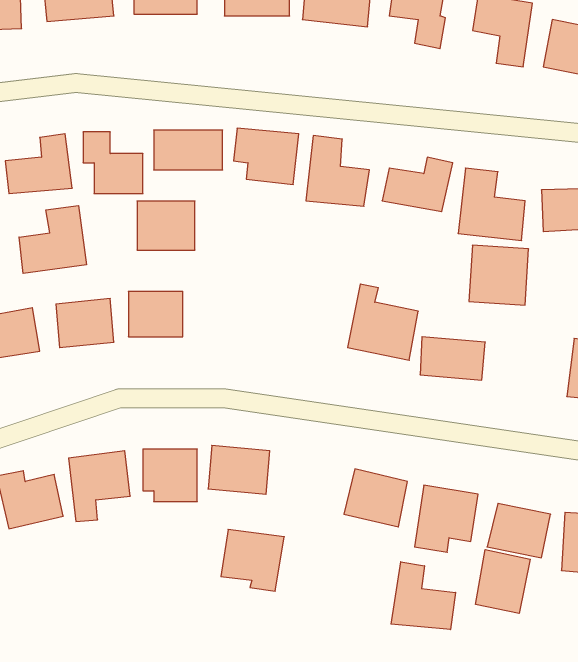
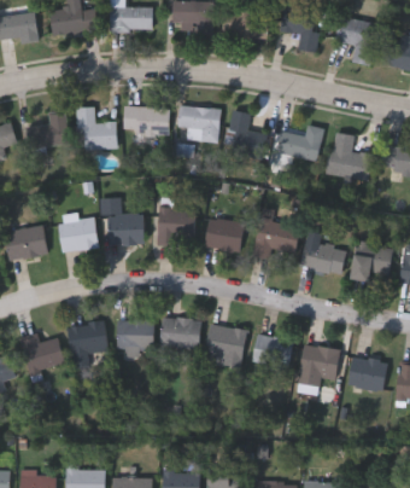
building: [137,201,195,250] -> [158,210,197,243]
building: [19,206,86,273] -> none
building: [469,245,529,305] -> [352,243,392,283]
building: none -> [206,220,244,252]
building: [221,529,284,591] -> [205,325,247,366]
building: [476,550,530,613] -> none
building: [391,562,456,630] -> none

